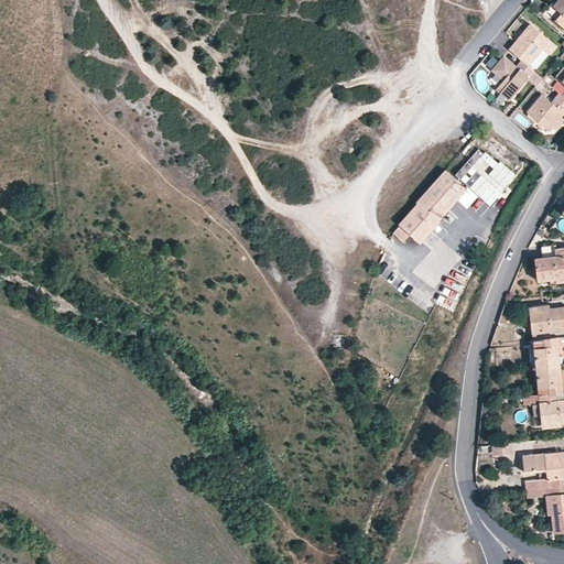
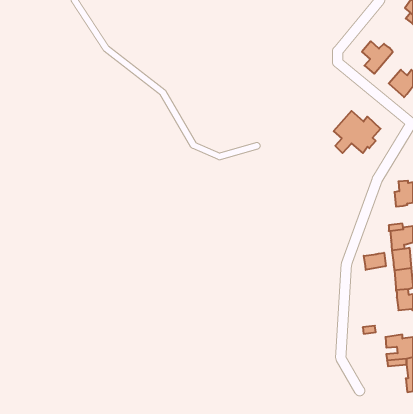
building: [510,23,551,65] -> none
building: [392,171,465,242] -> none
building: none -> [364,253,386,270]

